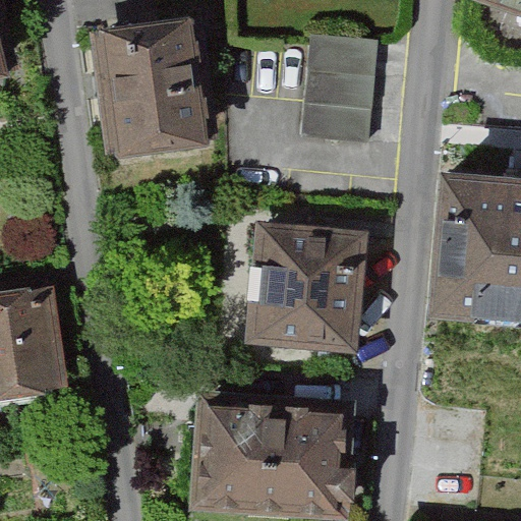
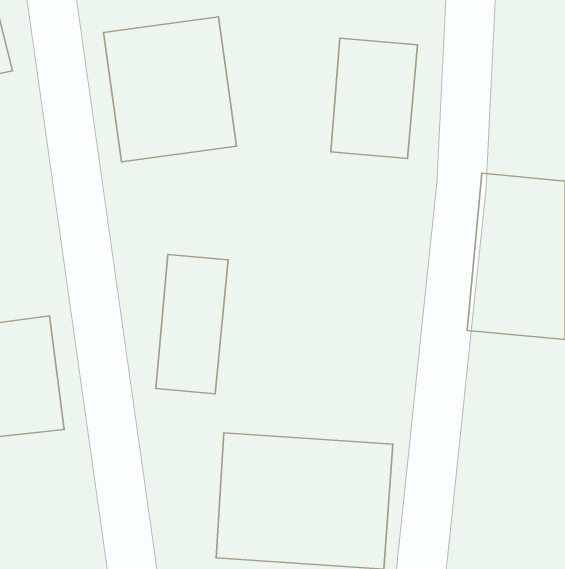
building: [252,227,366,349] -> none
building: none -> [156,254,228,394]

